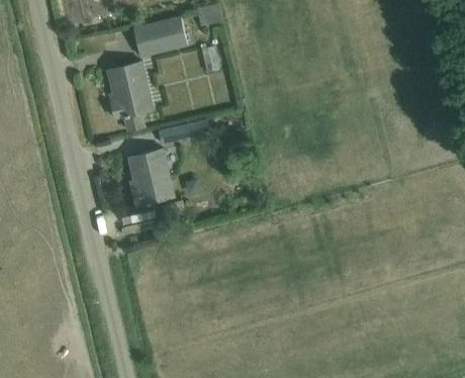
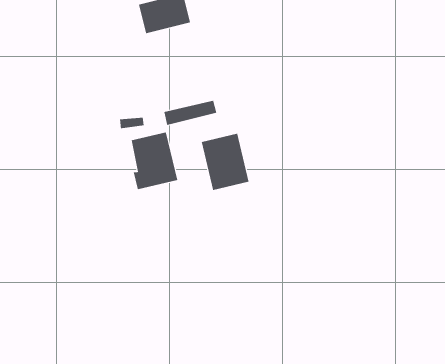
building: [107,63,154,131] -> none
building: none -> [201,133,249,191]

